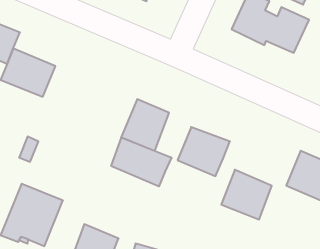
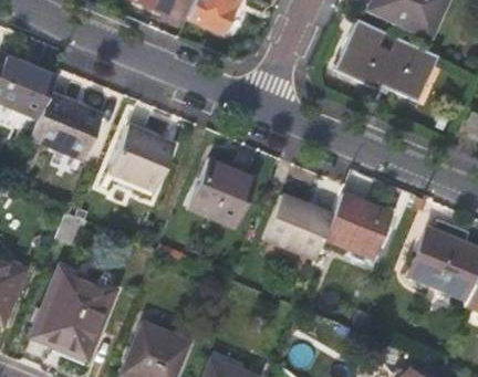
building: none -> [110,127,174,190]
building: [111,137,171,186] -> none
building: [221,170,272,220] -> [324,192,391,258]

